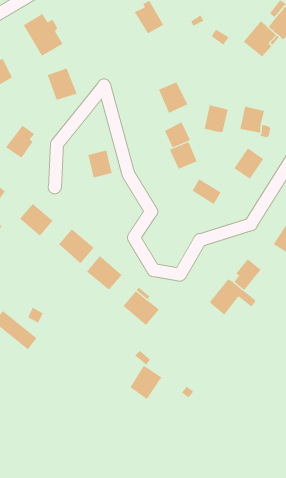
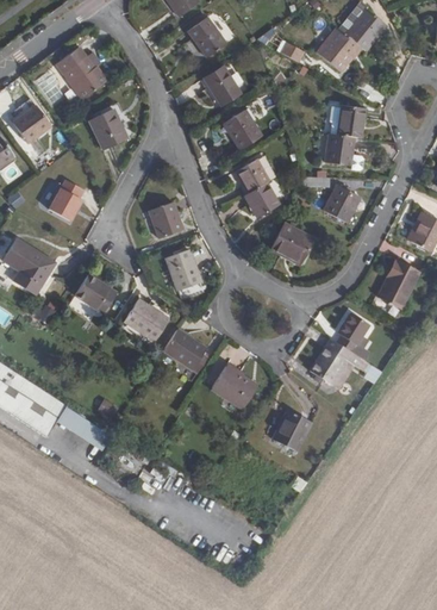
building: none -> [206,67,242,106]
building: [204,105,228,133] -> [338,104,366,136]
building: none -> [164,249,198,290]
building: [130,365,162,400] -> [273,412,311,454]

